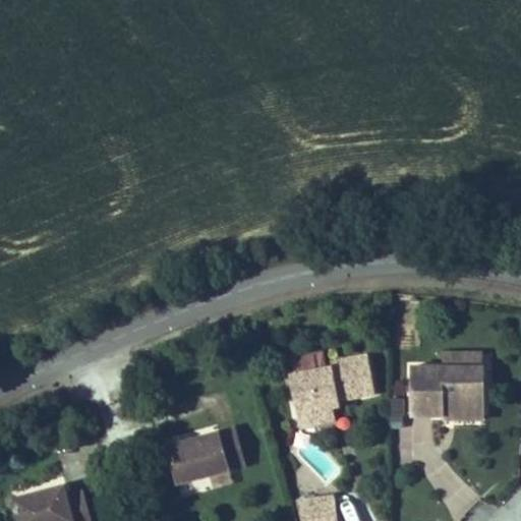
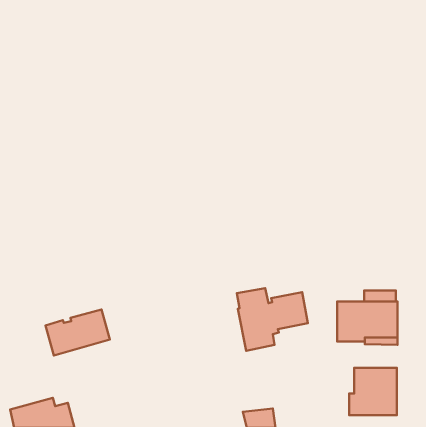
building: [166,428,244,484] -> [45,309,110,355]
building: none -> [349,368,397,415]

